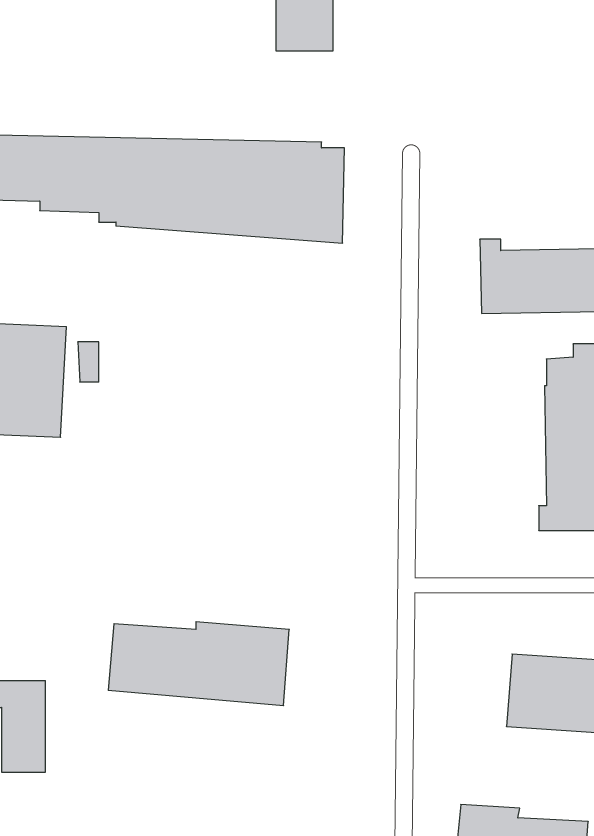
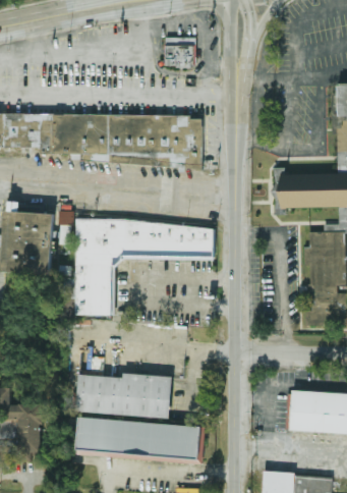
building: none -> [75,218,214,316]
building: none -> [76,417,204,461]

